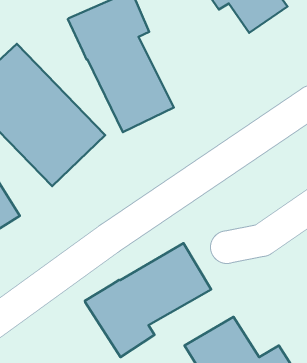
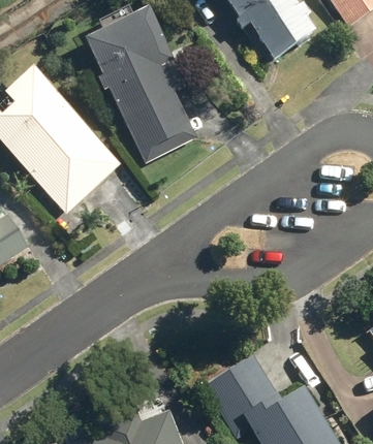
building: [85,243,211,357] -> none

